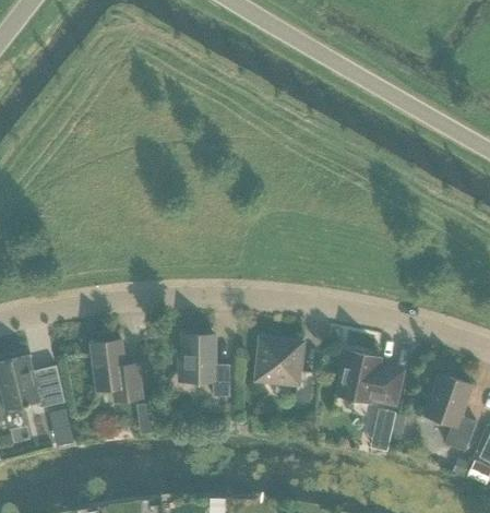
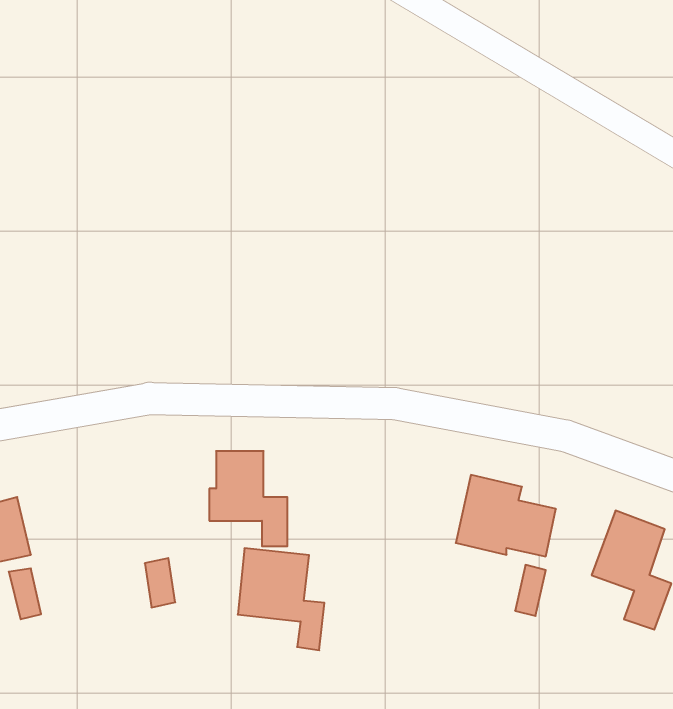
building: [256,337,312,403] -> [238,548,324,650]
building: [91,339,142,401] -> none

